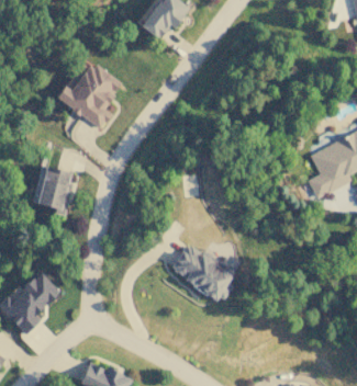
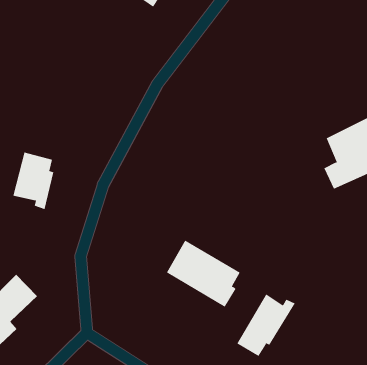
building: [56,63,122,129] -> none
building: none -> [236,294,295,357]

